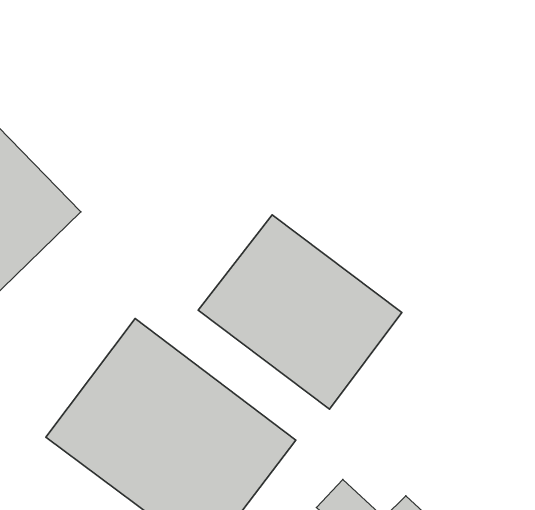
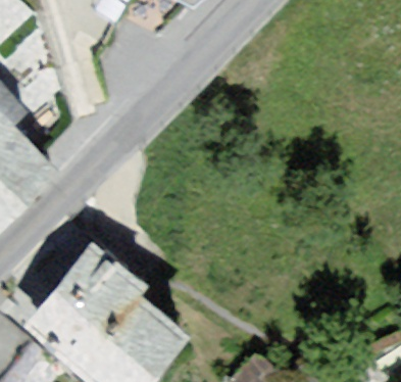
building: [198,215,402,409] -> none

